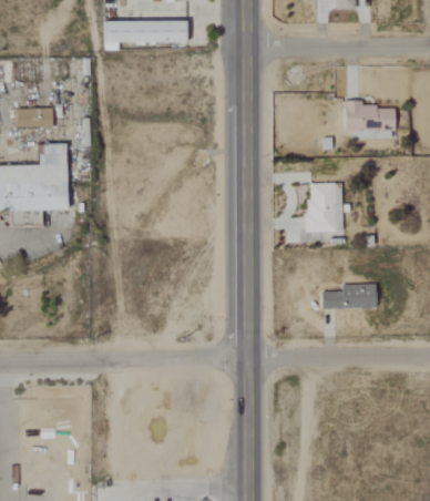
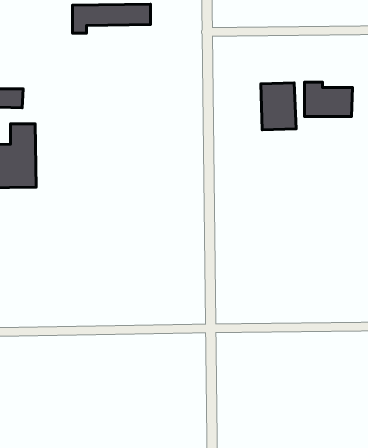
building: [307,183,344,232] -> [261,83,296,130]
building: [322,284,376,308] -> none

